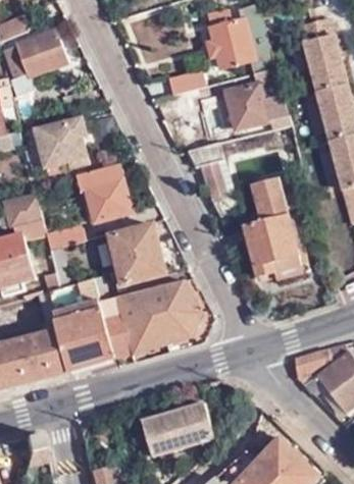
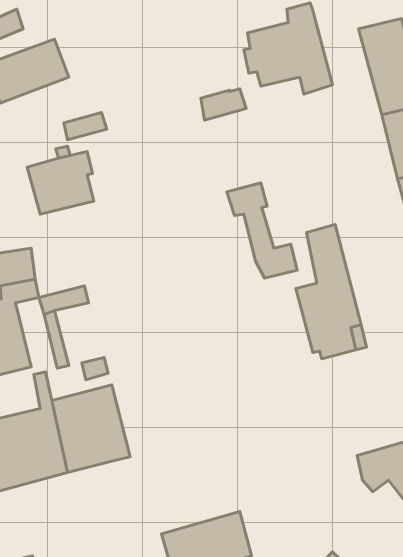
building: [224,68,291,130] -> none
building: [81,168,133,221] -> none
building: [109,223,167,290] -> none
building: [101,280,202,359] -> none

